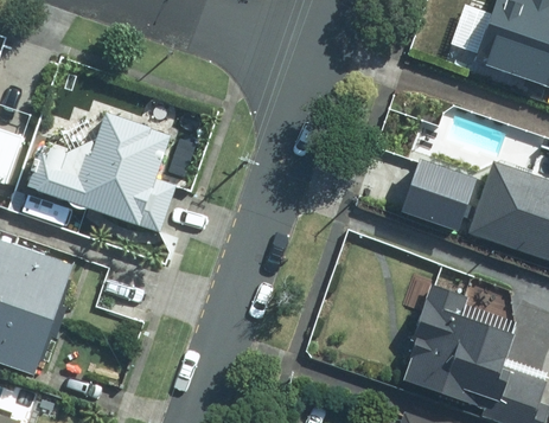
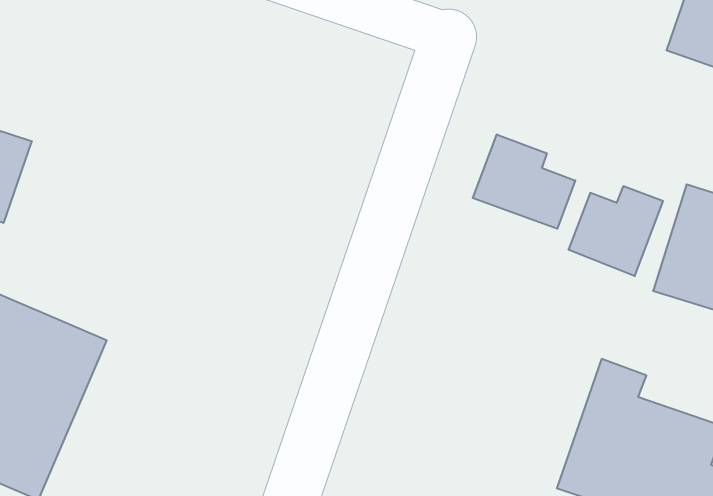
building: [34,101,172,222] -> none
building: none -> [473,134,575,229]

